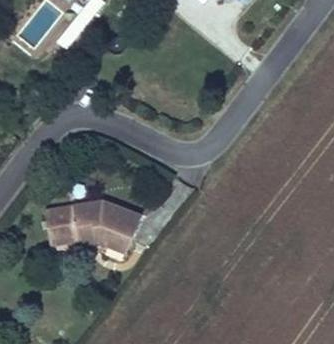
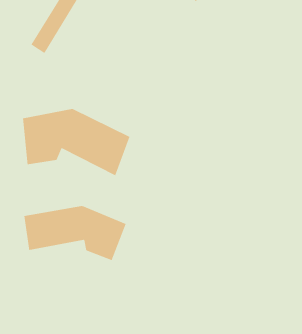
building: none -> [22,108,130,176]

